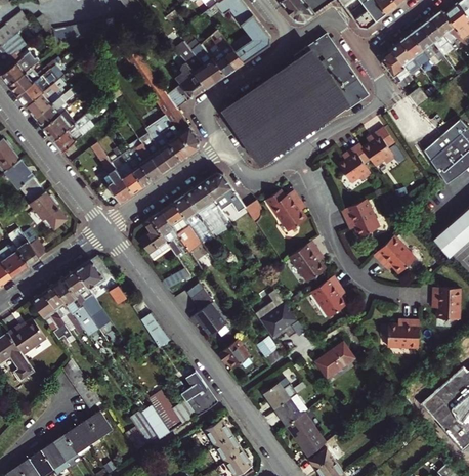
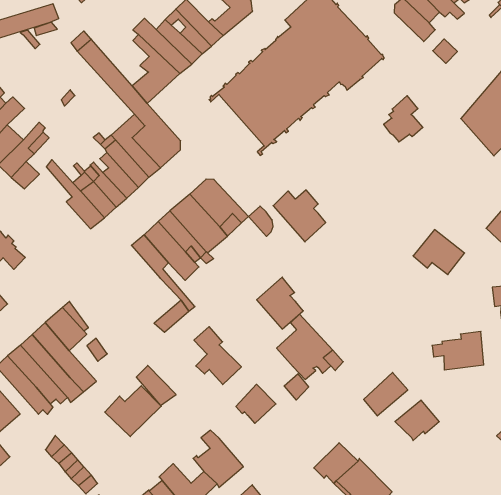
building: [221,55,336,166] -> none
building: [339,143,370,180] -> none
building: [343,200,380,236] -> none
building: [140,218,171,259] -> none
building: [290,242,326,283] -> [257,277,303,329]
building: [309,277,345,318] -> none
building: none -> [105,386,161,437]
building: none -> [395,400,439,441]
building: [263,377,298,412] -> none

